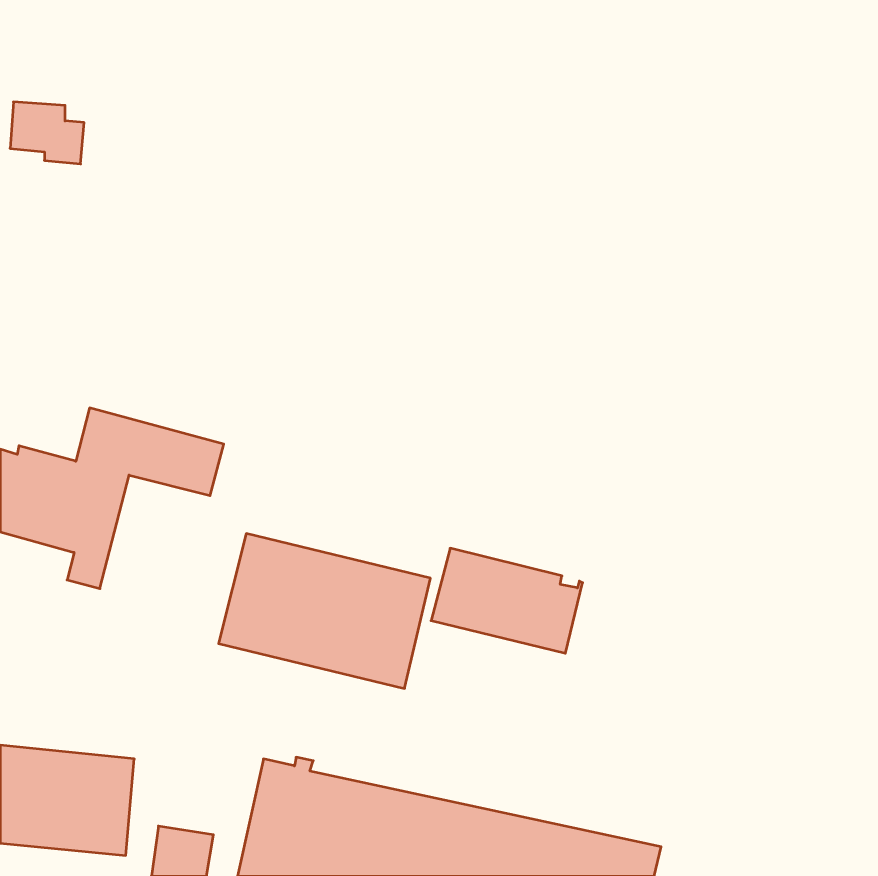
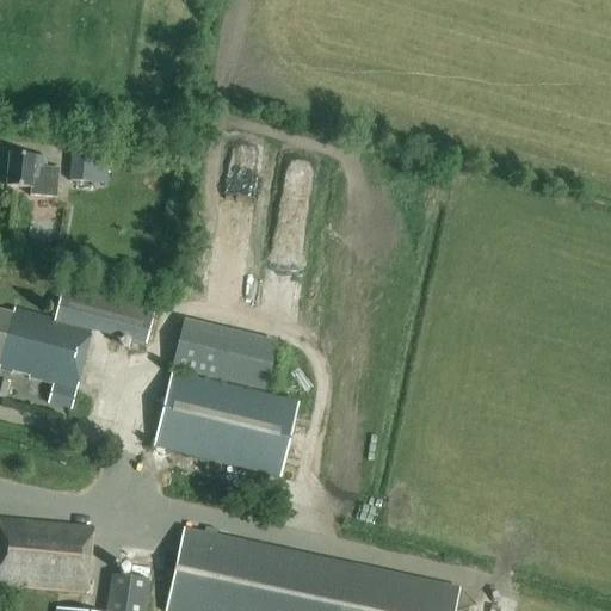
building: [10,102,84,164] -> [8,154,60,197]
building: none -> [69,149,110,183]
building: [431,548,583,653] -> [172,317,277,390]

